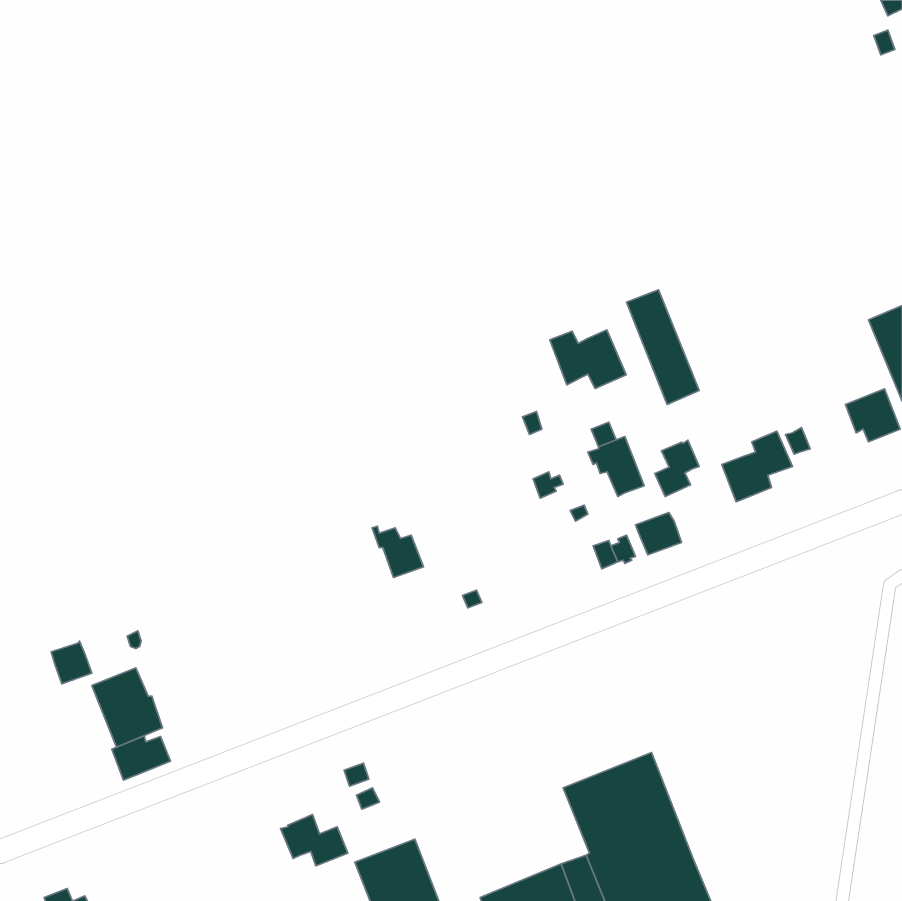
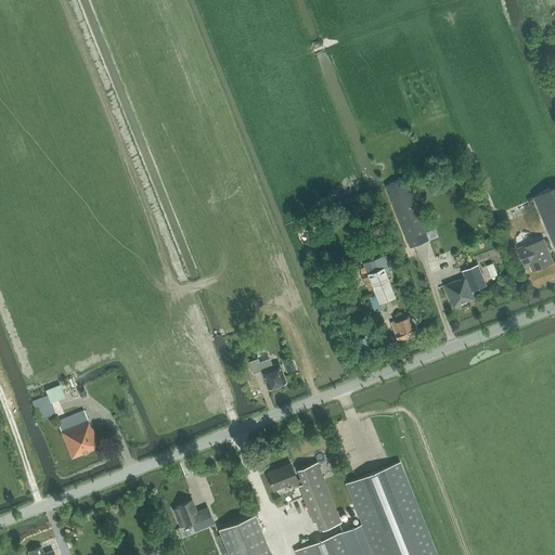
building: [550,330,626,388] -> none
building: [655,440,699,496] -> none
building: [372,526,423,577] -> [255,359,286,390]
building: [112,736,170,780] -> none
building: none -> [267,463,341,533]

